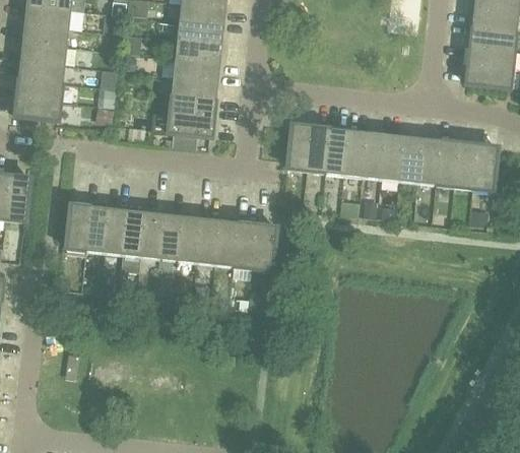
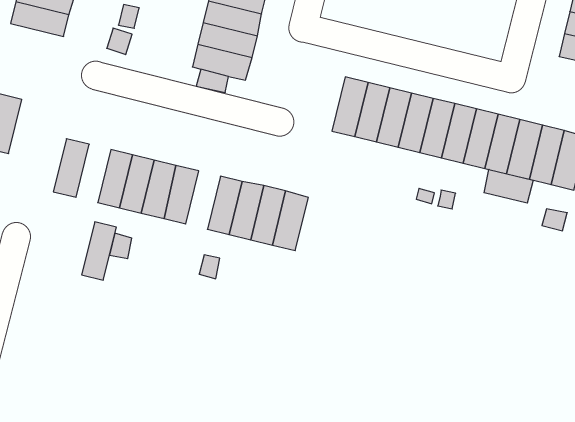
building: none -> [484,169,533,203]
building: [85,205,109,252] -> [82,222,116,280]
building: [178,215,201,262] -> none

